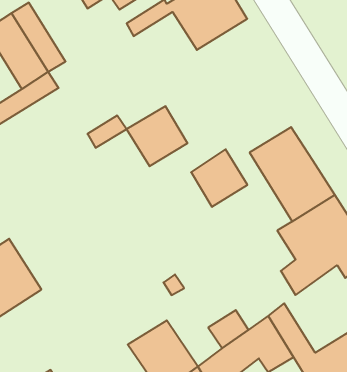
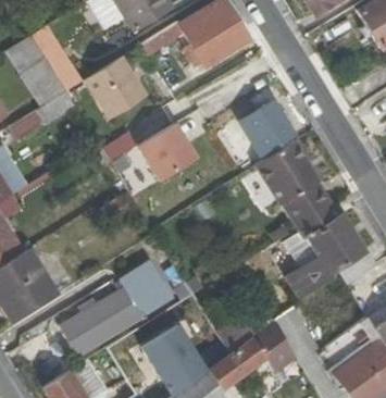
building: none -> [85,57,146,119]
building: [191,149,247,207] -> [239,102,292,157]
building: none -> [62,262,171,357]

